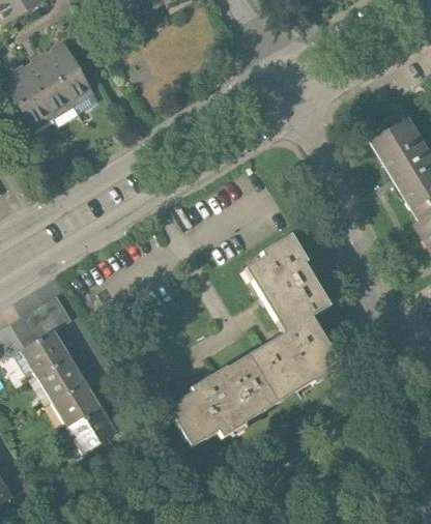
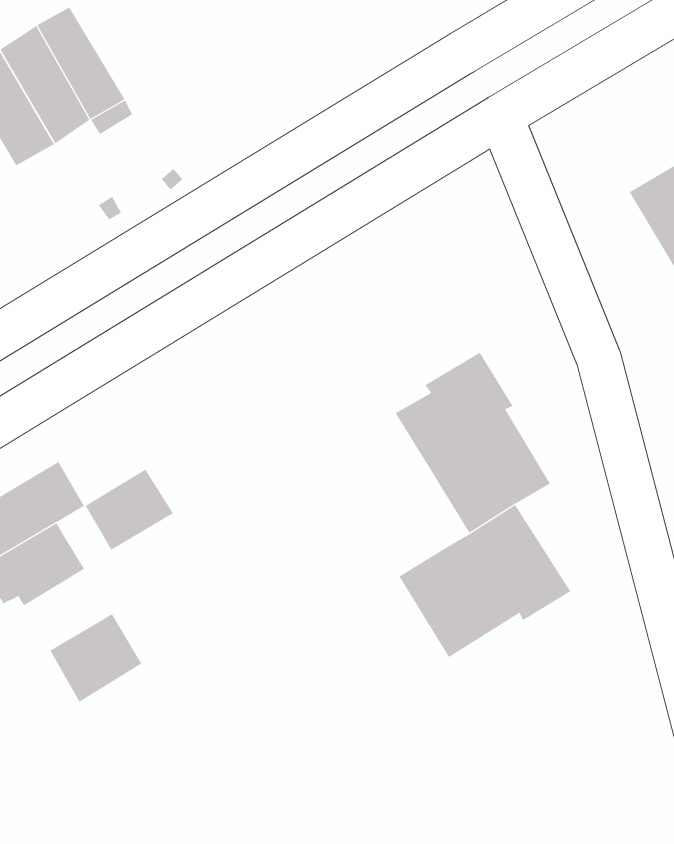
building: [35,353,85,399] -> [85,469,174,550]
building: [167,357,272,446] -> none
building: [66,406,117,453] -> none

